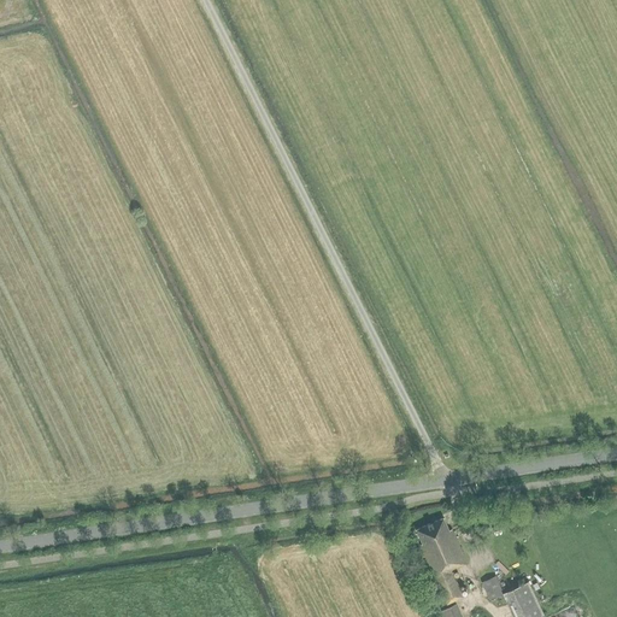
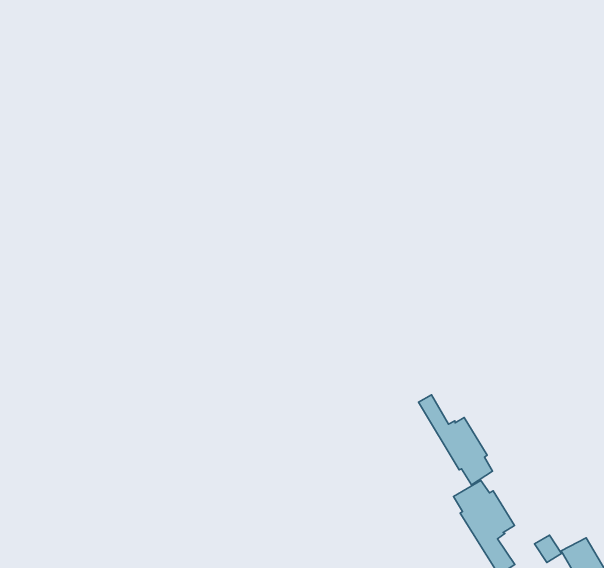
building: none -> [418,395,492,485]

